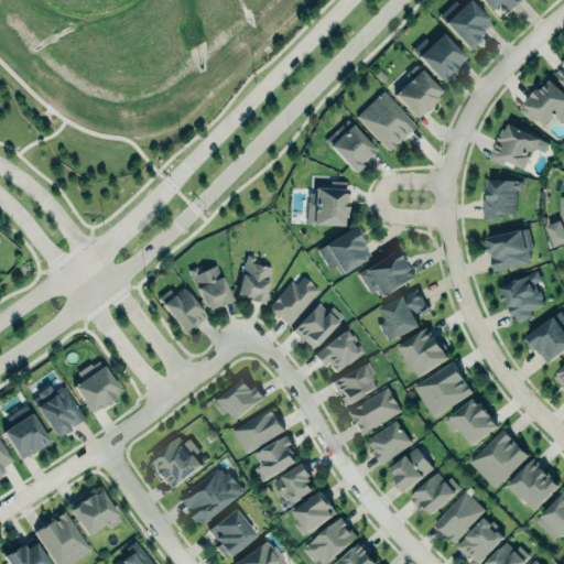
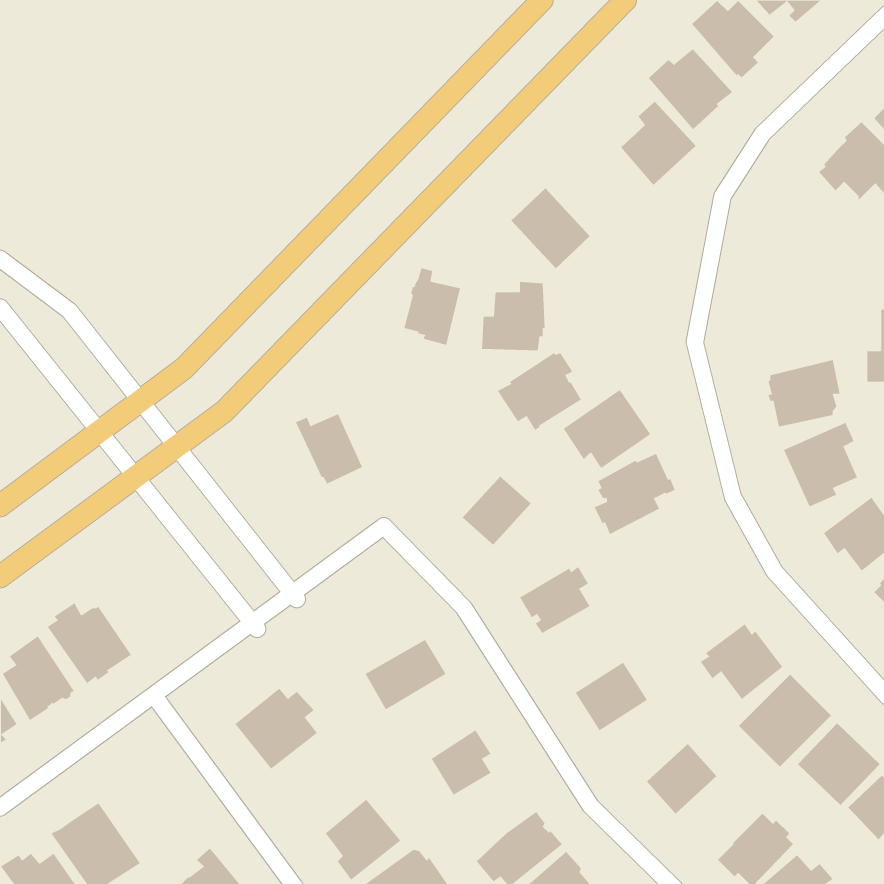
building: [357,93,416,153] -> none
building: [491,126,552,172] -> none
building: [486,182,524,223] -> none
building: [237,254,273,304] -> [404,267,461,346]
building: [270,278,321,326] -> none
building: [159,288,207,334] -> none
building: [399,326,451,377] -> none
building: [314,329,361,370] -> none
building: [74,360,122,414] -> none
building: [415,362,474,419] -> none
building: [214,379,264,420] -> none
building: [348,388,402,434] -> none
building: [256,438,300,484] -> none
building: [391,447,435,494] -> none
building: [181,468,246,523] -> none
building: [72,489,122,535] -> none
building: [290,494,337,538] -> none
building: [434,494,486,544] -> none

